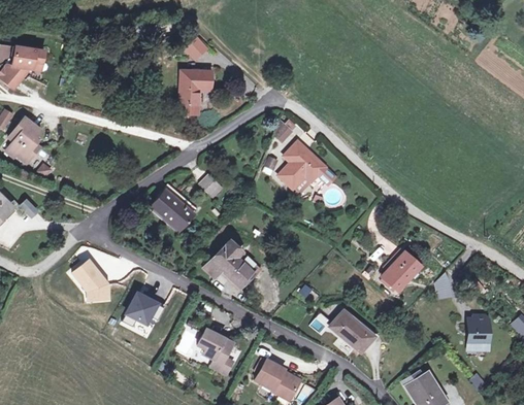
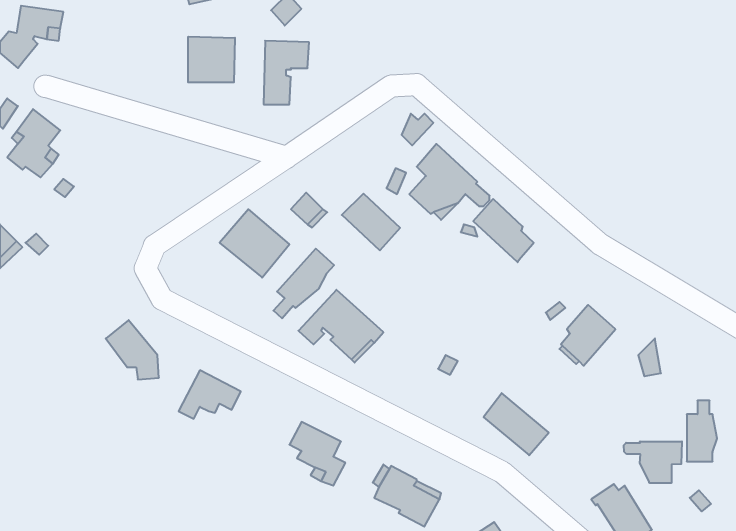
building: none -> [188,37,235,82]
building: none -> [342,194,400,250]
building: none -> [473,199,534,262]
building: none -> [273,249,334,318]
building: none -> [624,441,682,483]

